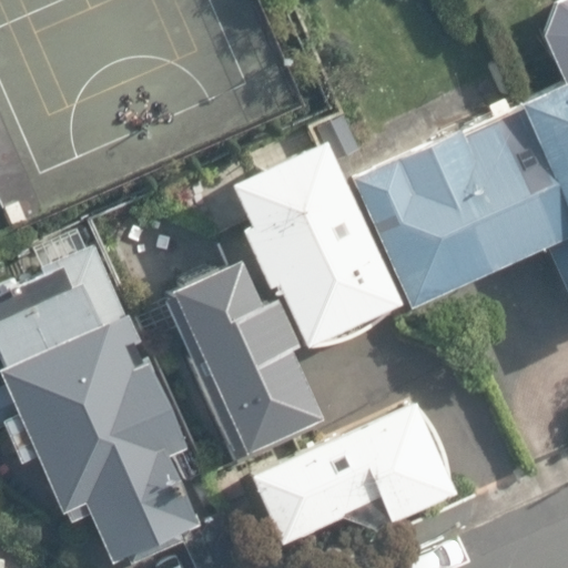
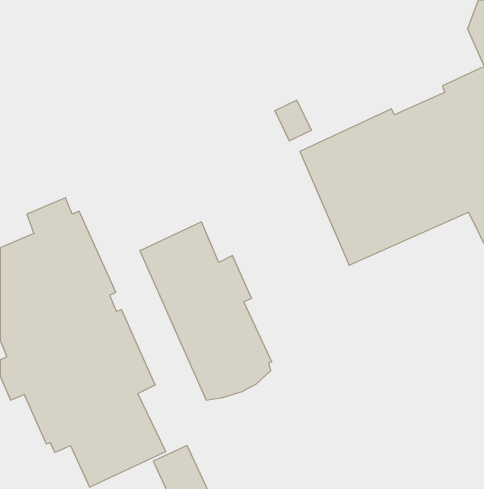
building: [230,142,402,349] -> none
building: [250,402,456,545] -> none

